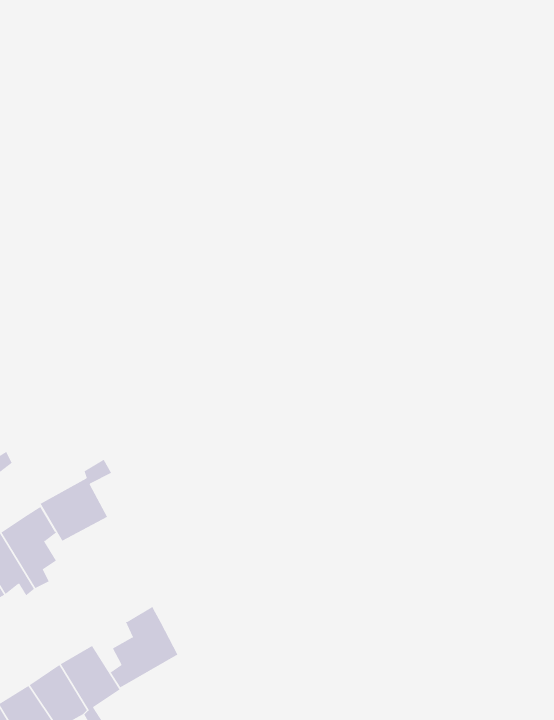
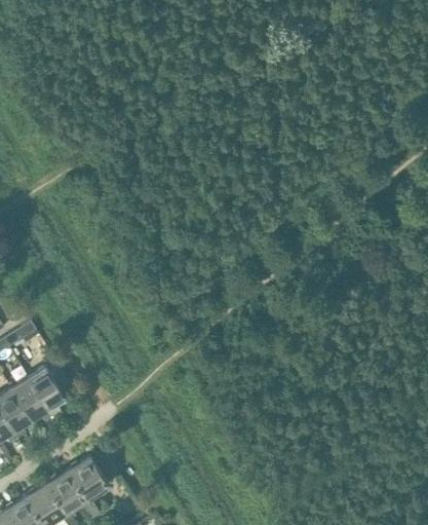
building: [40,459,112,542] -> none
building: [110,606,178,688] -> none

